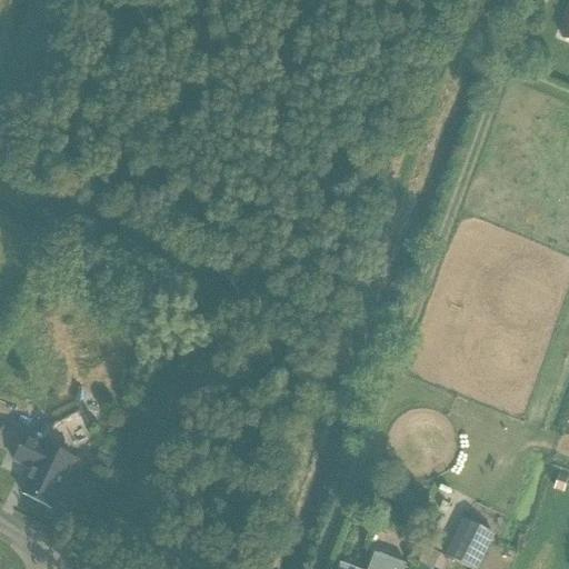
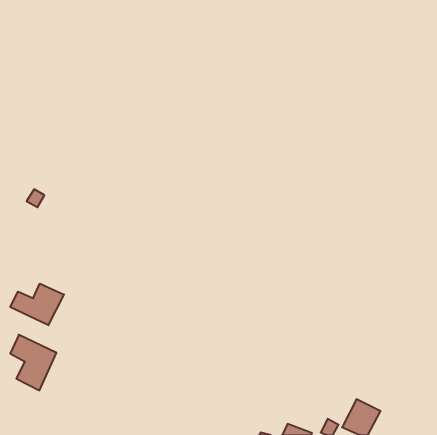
building: none -> [10,284,64,325]

